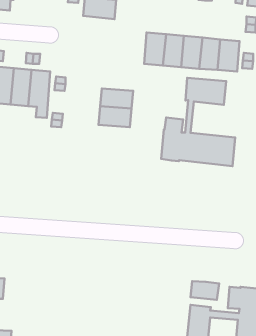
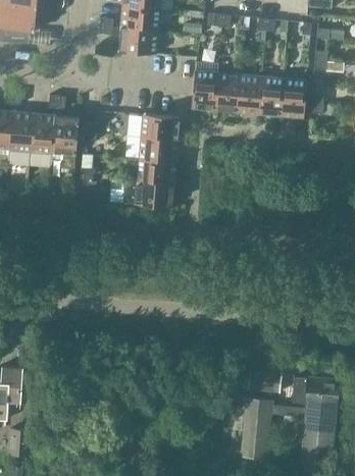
building: none -> [140,112,180,139]
building: [161,78,235,166] -> none
building: none -> [135,179,173,205]

